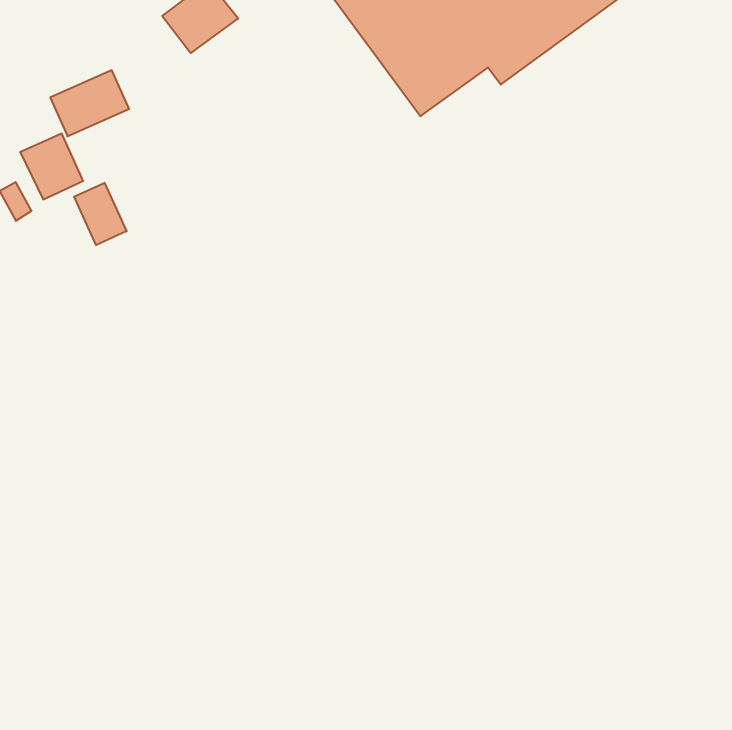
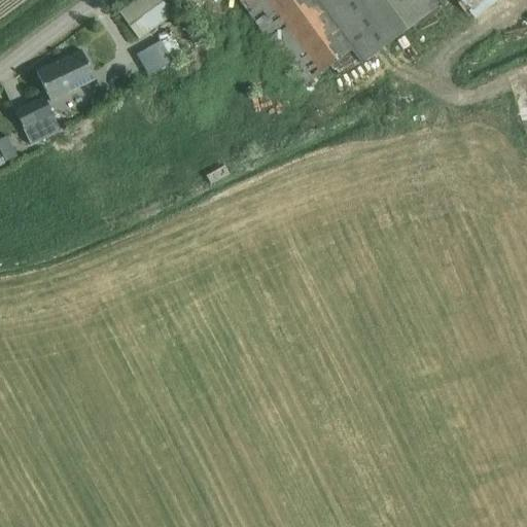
building: none -> [137,37,174,72]
building: [74,183,127,245] -> none

